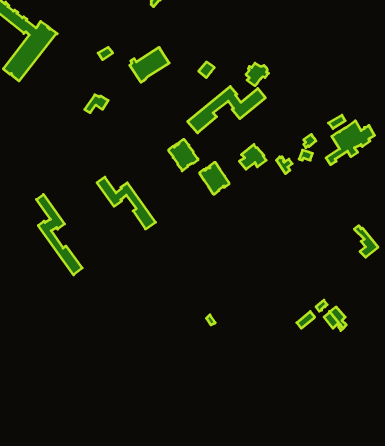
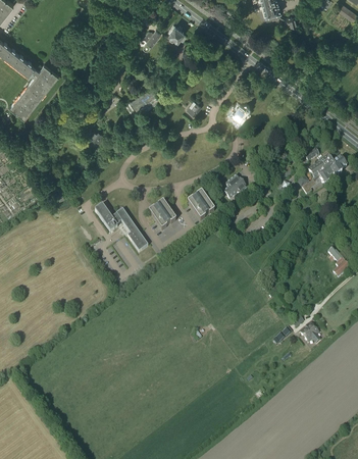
building: [188,86,265,133] -> none
building: [169,140,198,171] -> [149,202,175,231]
building: [36,194,82,275] -> none

